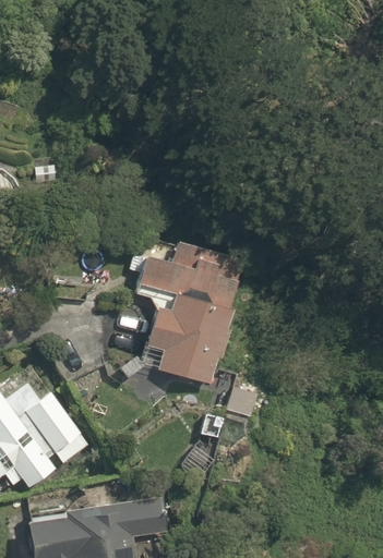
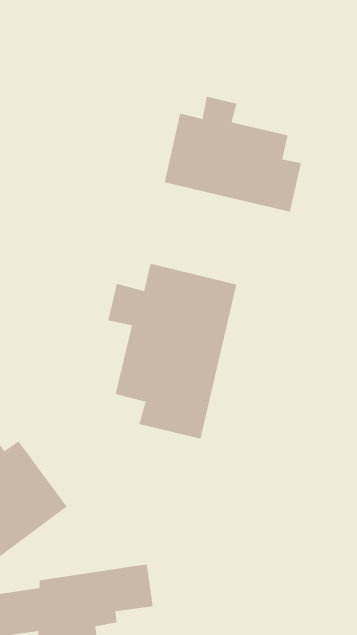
building: none -> [164,96,302,212]

